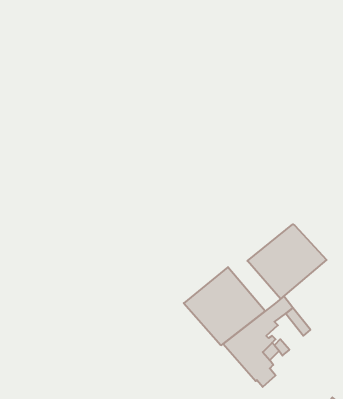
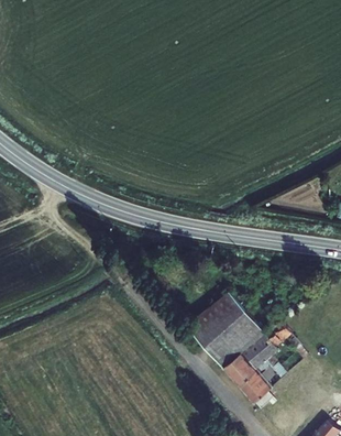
building: [247,224,327,299] -> none

